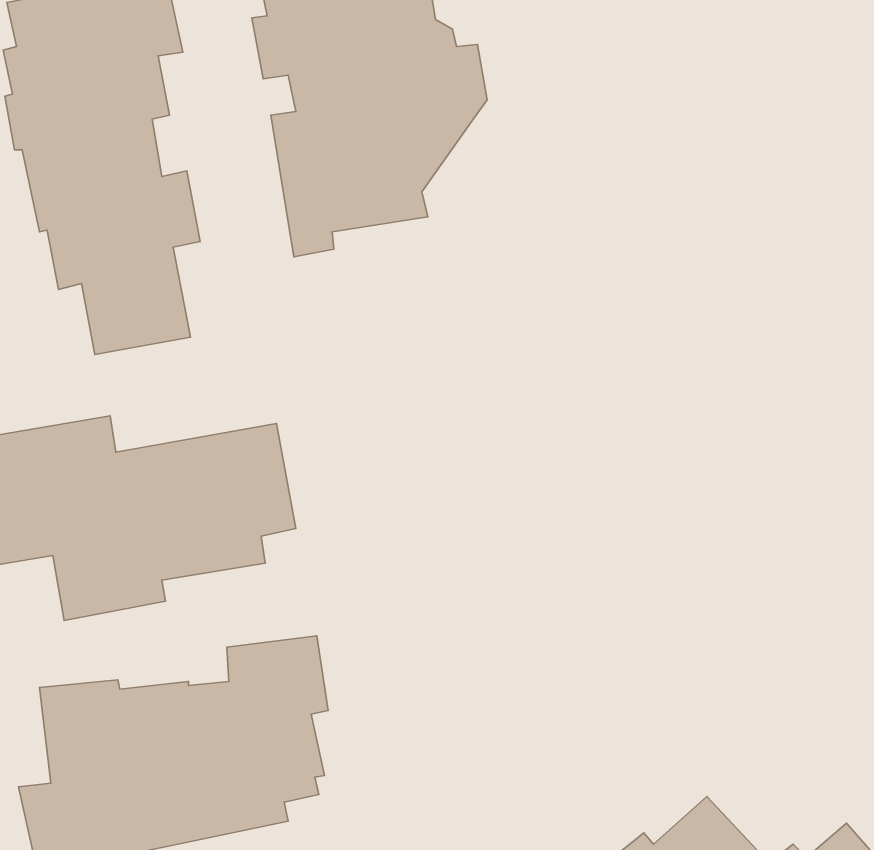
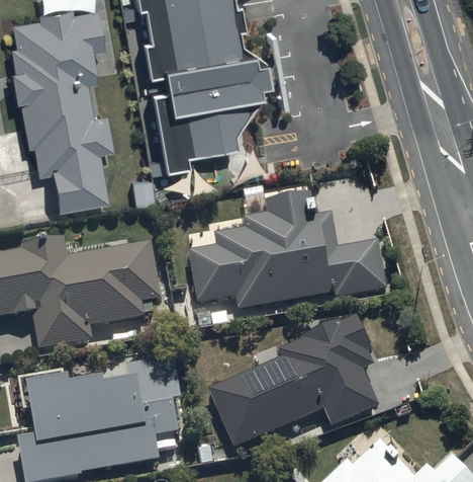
building: none -> [190,191,385,309]
building: none -> [207,316,378,448]

